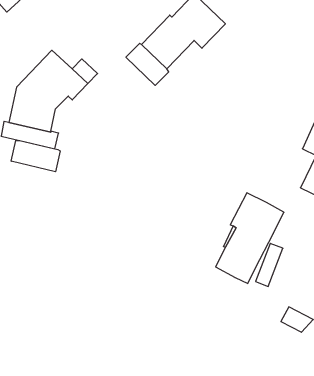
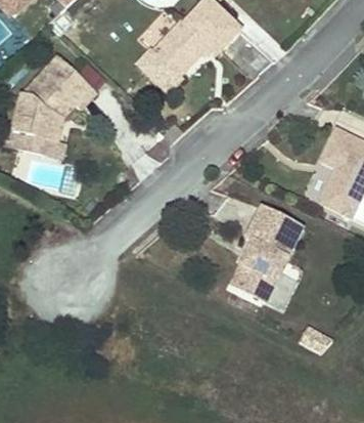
building: [11,140,60,172] -> none

